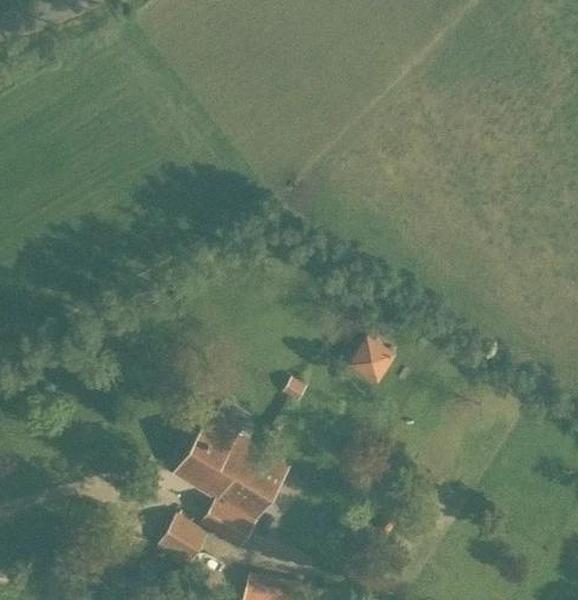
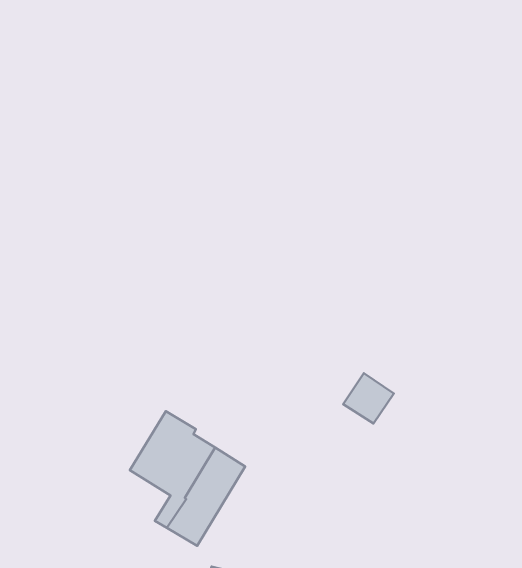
building: [350,332,400,382] -> [343,373,394,424]
building: [154,514,207,567] -> none

